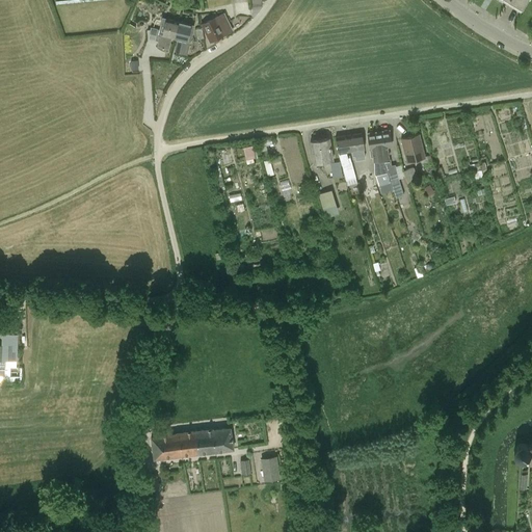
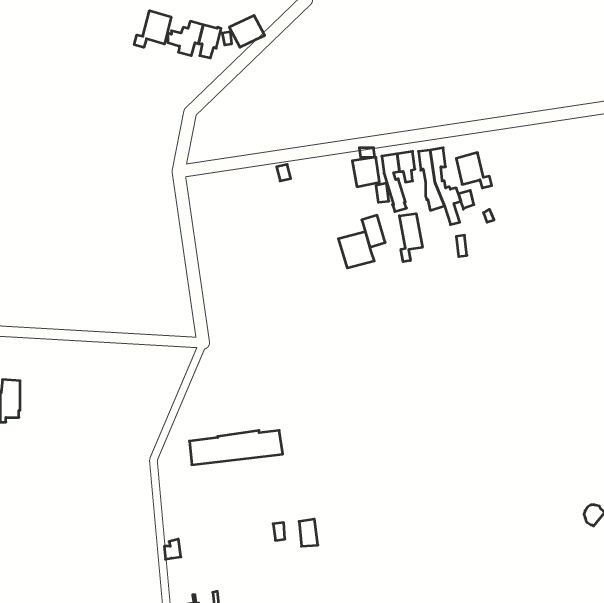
building: none -> [134,11,171,47]
building: none -> [399,214,422,262]
building: none -> [338,232,374,268]
building: [152,429,234,459] -> [189,430,283,465]

